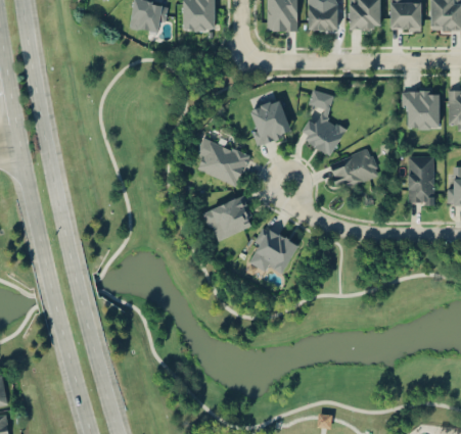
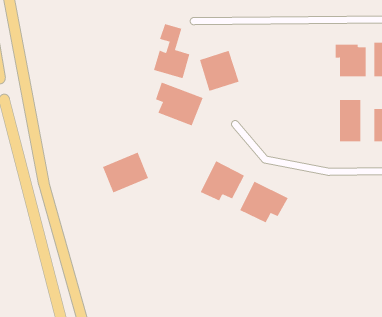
building: [299,89,342,153] -> [153,23,190,79]
building: [327,147,380,191] -> none
building: [201,194,256,242] -> [102,152,149,193]
building: none -> [240,181,288,223]

